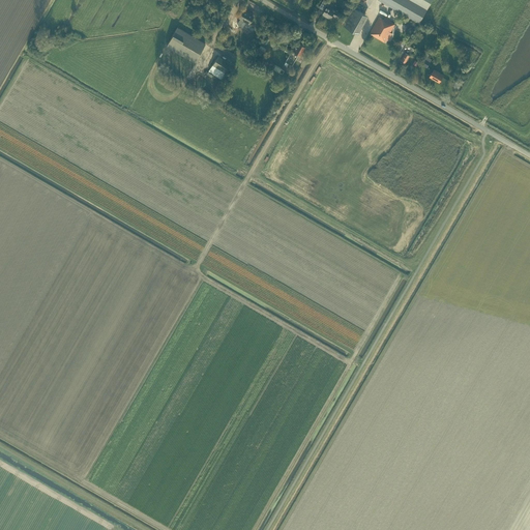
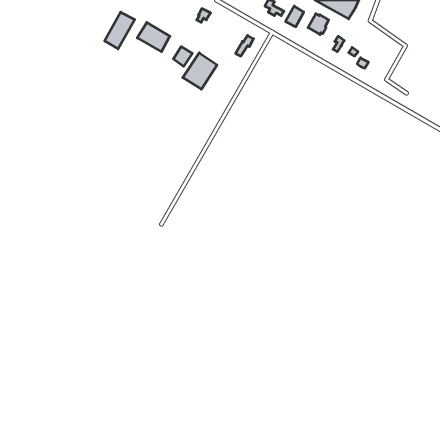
building: none -> [105,12,135,49]
building: none -> [183,53,217,89]

